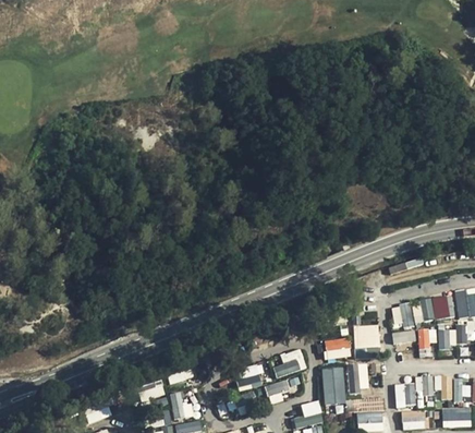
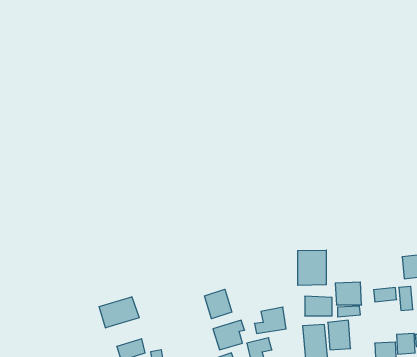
building: none -> [298,250,326,285]
building: [391,303,412,327] -> none
building: none -> [204,289,232,319]
building: none -> [99,297,139,328]

